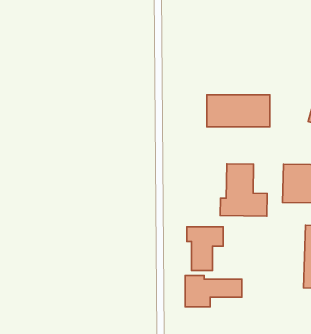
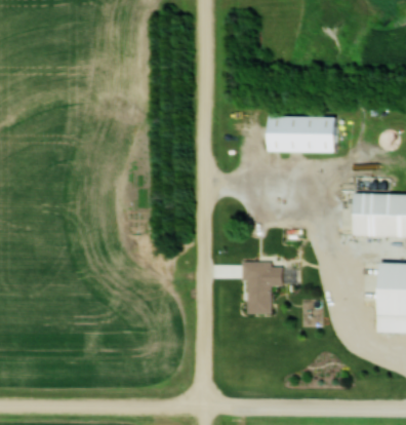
building: [220,164,267,216] -> none
building: [185,275,242,307] -> none

